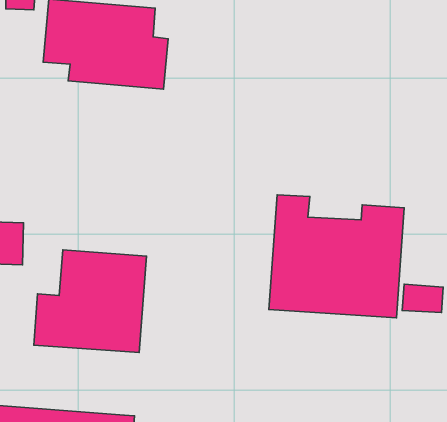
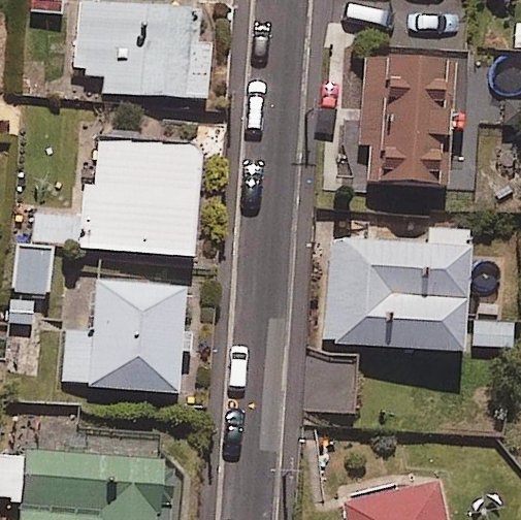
building: none -> [361,57,456,186]
building: none -> [32,137,202,254]

